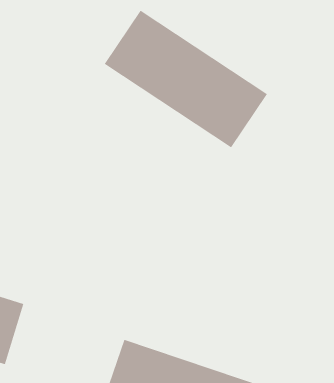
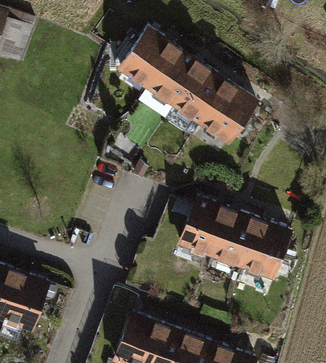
building: none -> [181,192,292,278]

